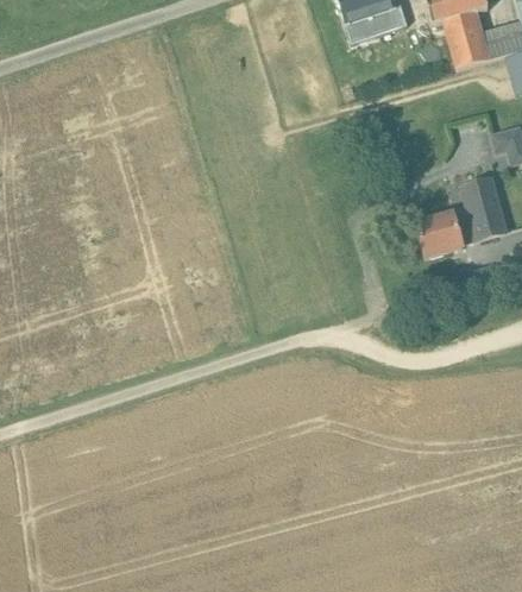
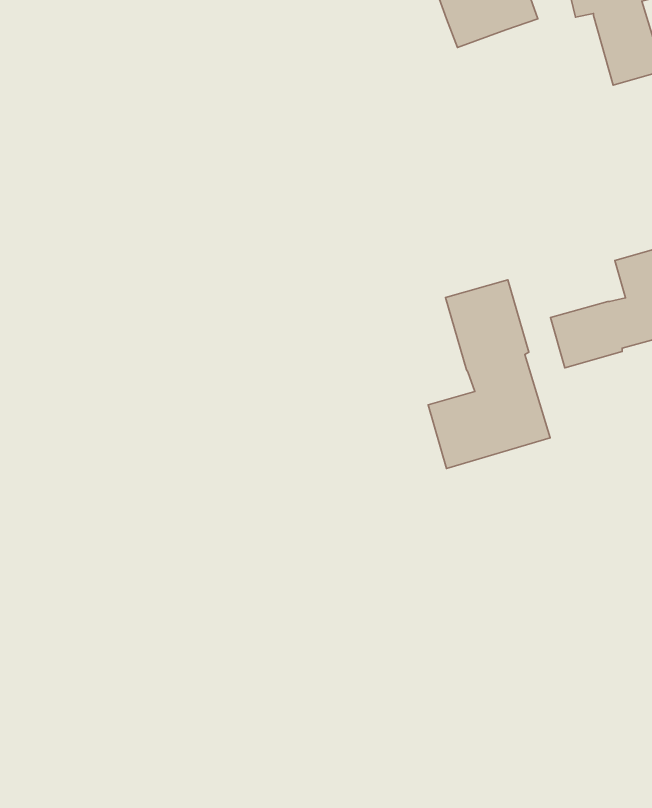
building: none -> [428,280,550,468]

